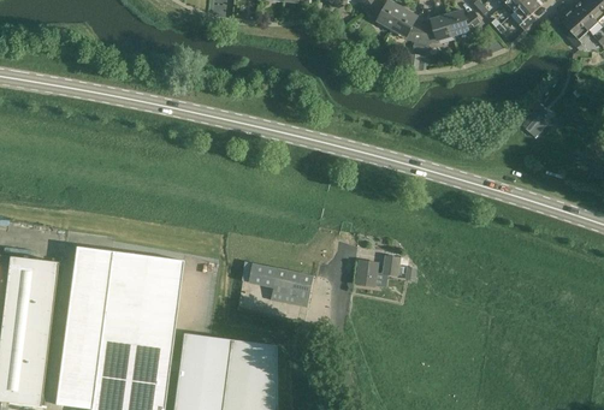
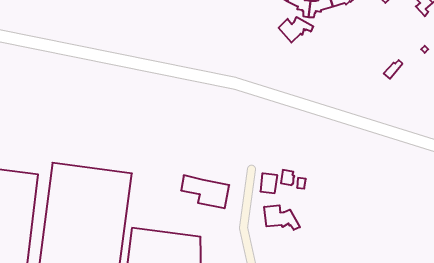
building: none -> [279,17,313,43]
building: none -> [264,205,300,230]

